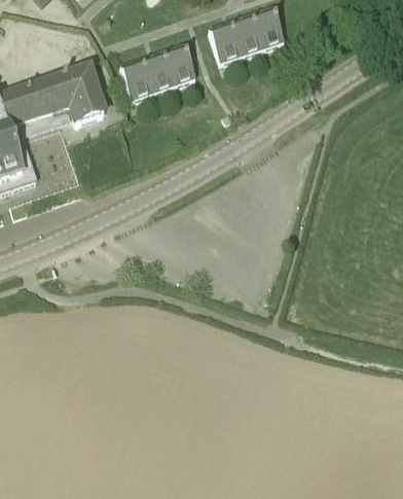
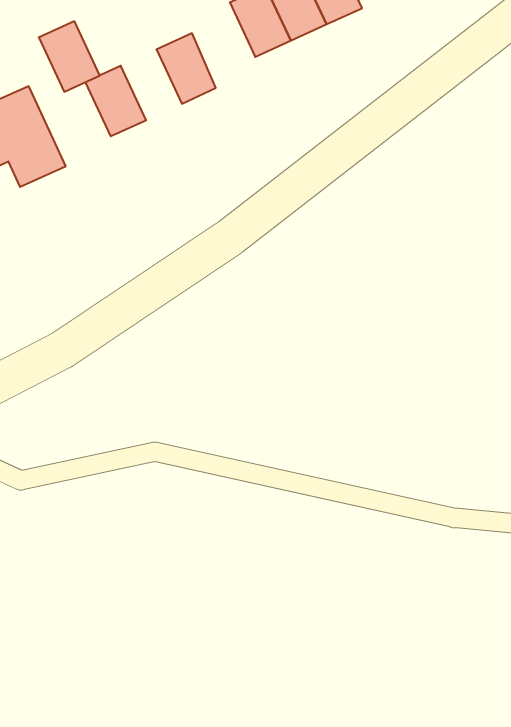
building: [141,52,174,93] -> [39,21,100,92]

